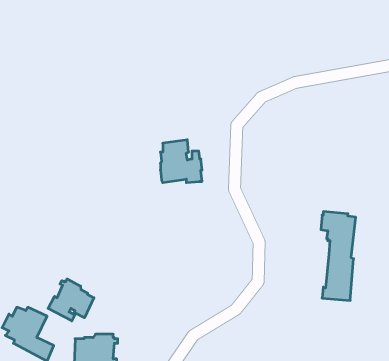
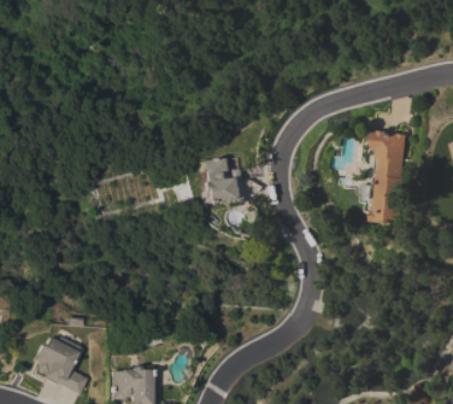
building: [321,212,356,300] -> [371,129,408,224]
building: [48,279,94,321] -> none

